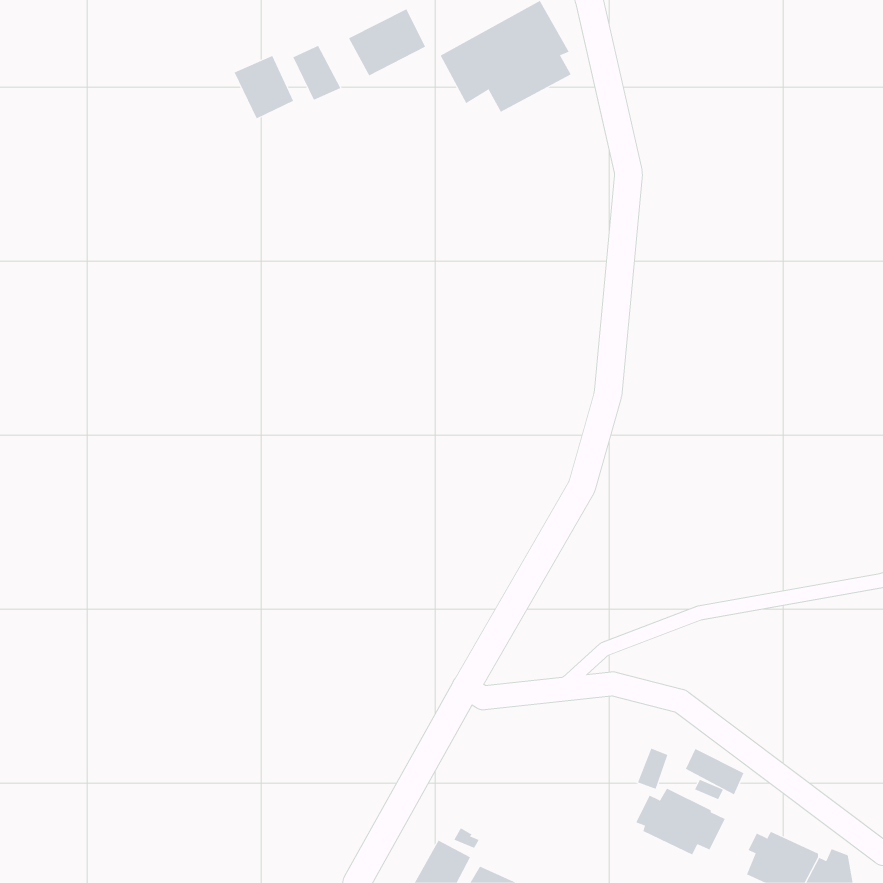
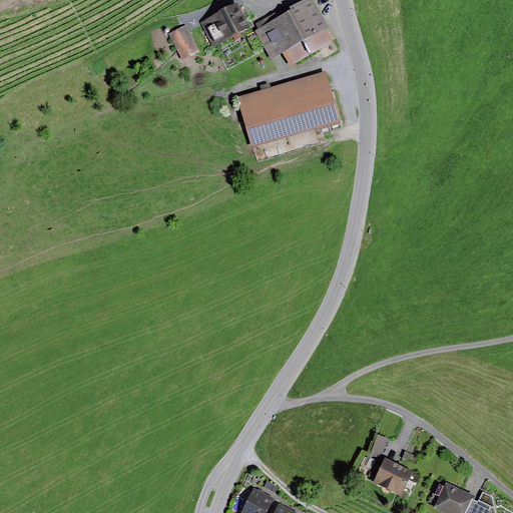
building: [234,55,294,119] -> none
building: none -> [238,74,336,144]
building: [685,748,744,795] -> none

